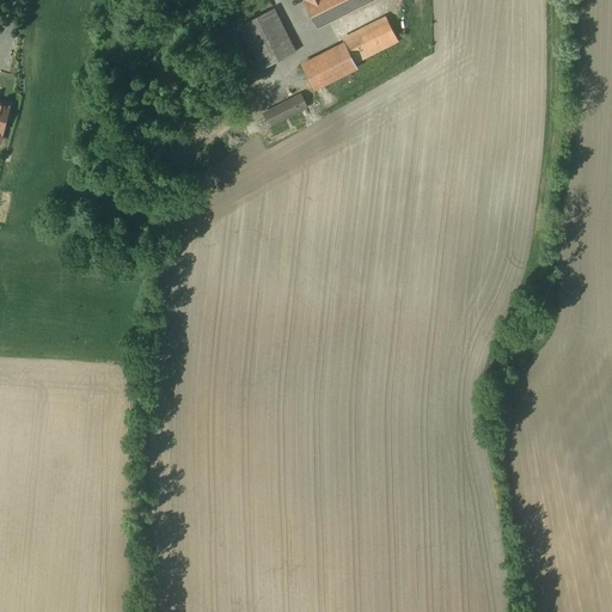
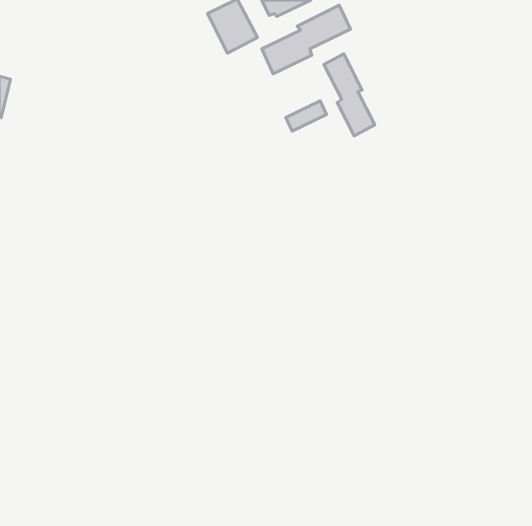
building: none -> [324,54,375,136]
building: [262,90,308,124] -> [286,101,326,131]

